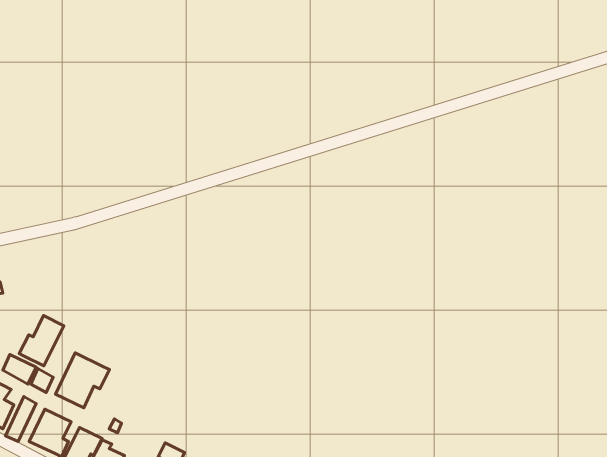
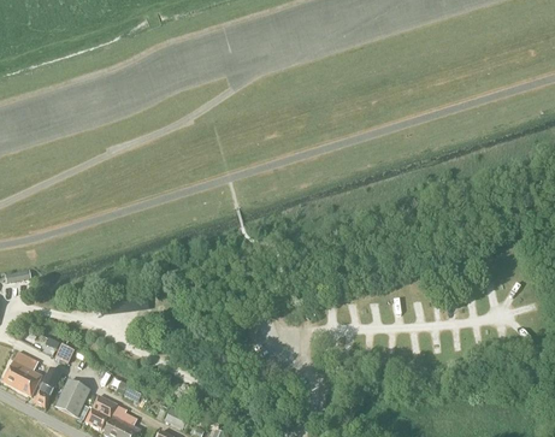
building: [19,316,64,366] -> none
building: [55,353,110,408] -> none

